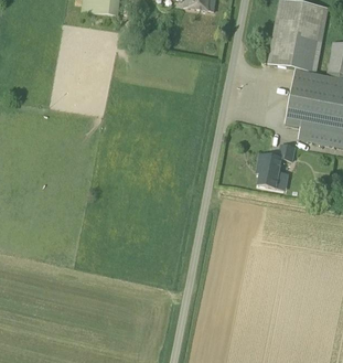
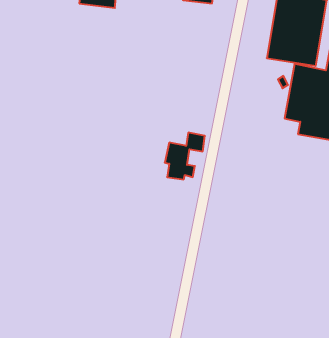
building: [254,146,293,192] -> [165,133,205,179]

